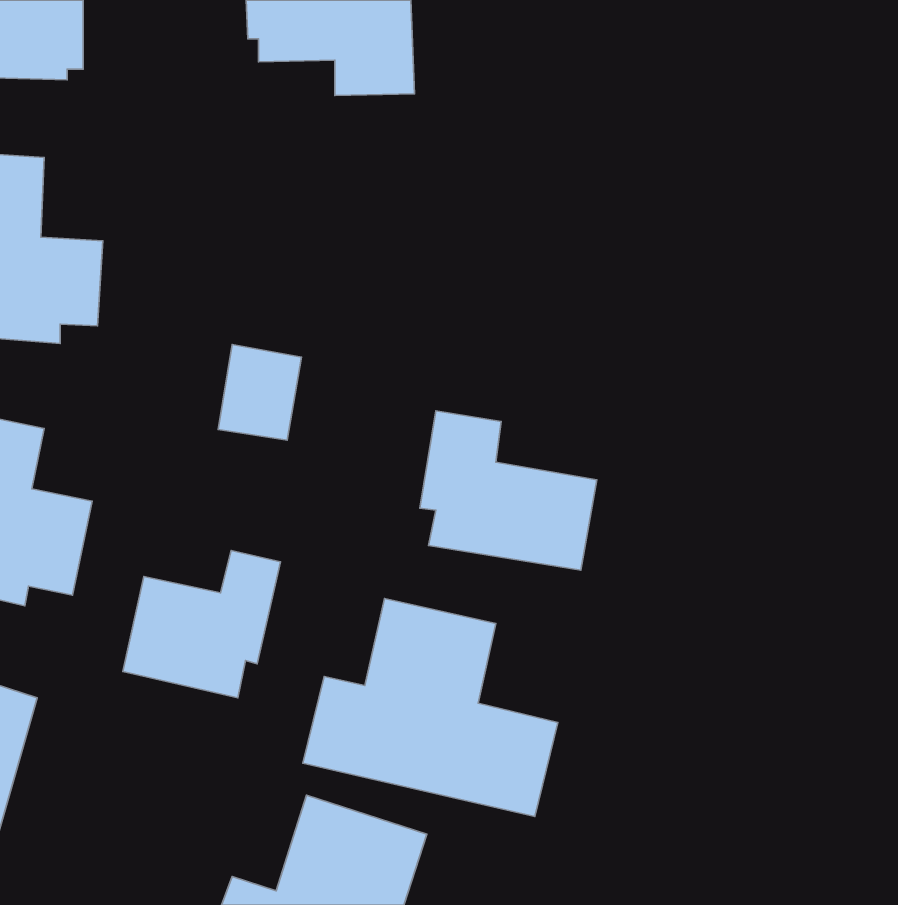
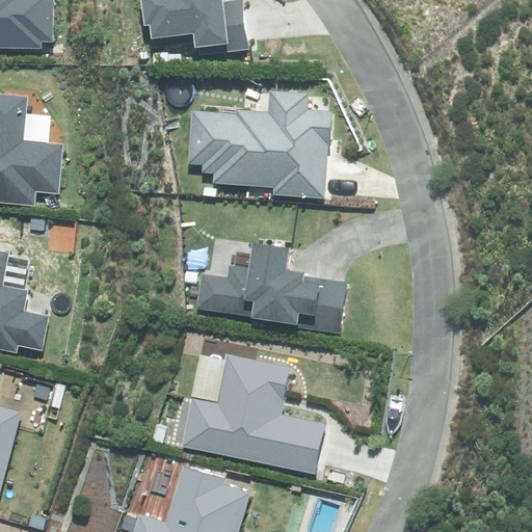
building: none -> [184,91,335,196]
building: [218,345,301,440] -> [194,261,243,317]
building: [123,551,280,698] -> none

